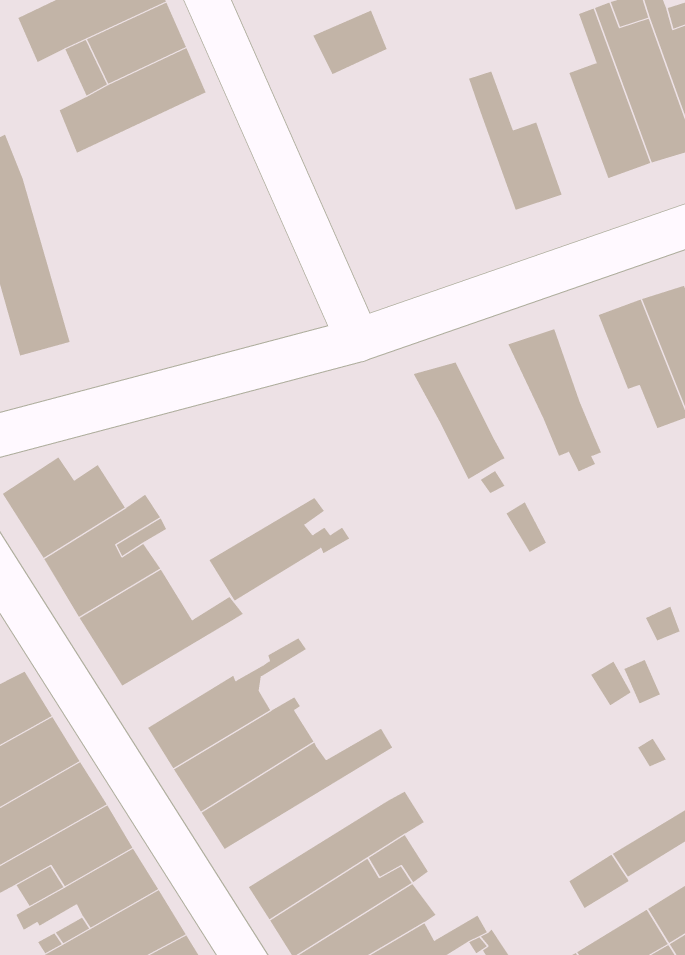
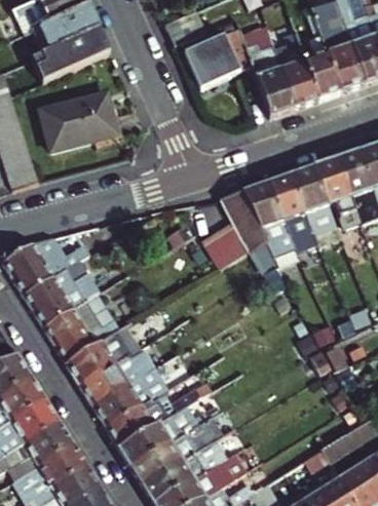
building: none -> [183,23,252,83]
building: none -> [280,24,318,103]
building: none -> [39,90,125,147]
building: none -> [291,165,335,228]
building: none -> [239,181,285,229]
building: none -> [198,221,245,269]
building: [209,497,350,601] -> [65,326,139,381]
building: none -> [118,406,203,464]

